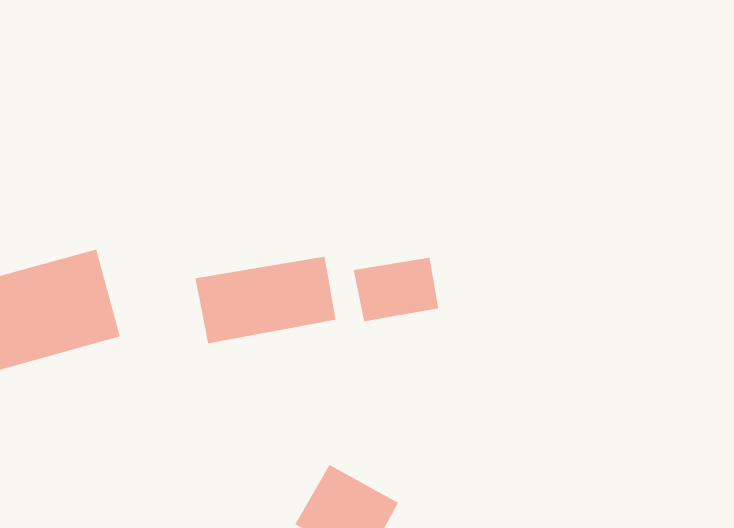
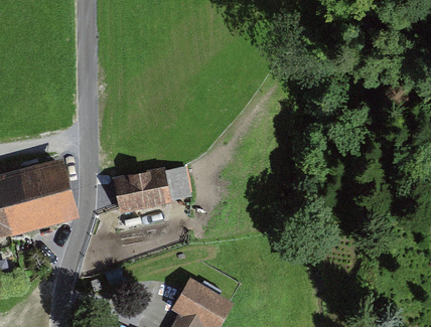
building: [353,257,439,322] -> none

